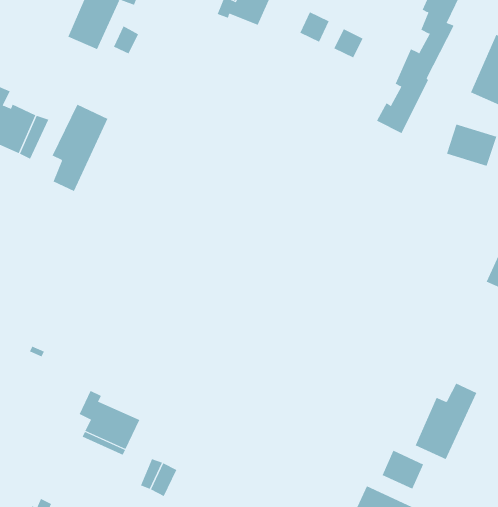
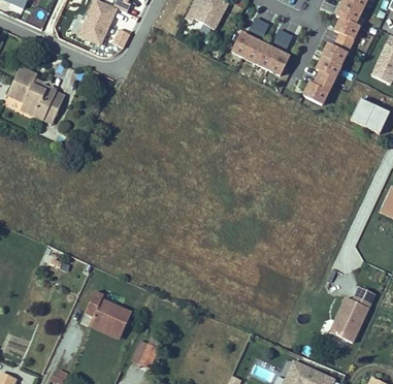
building: none -> [231,32,289,74]
building: [52,104,108,192] -> none
building: [382,450,424,490] -> none

